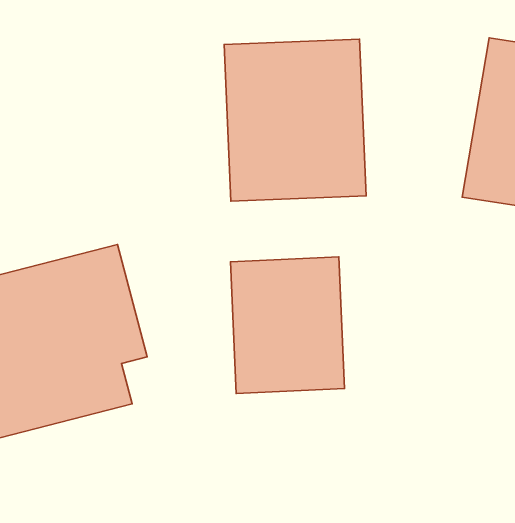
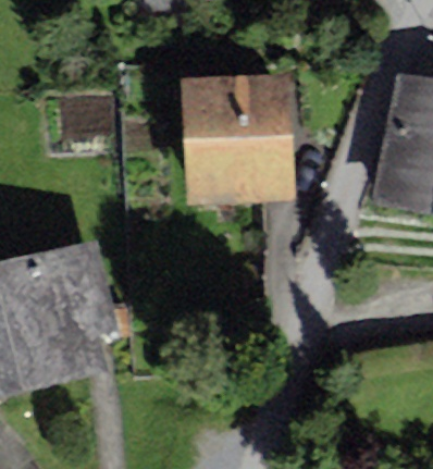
building: [230,257,345,394] -> none

